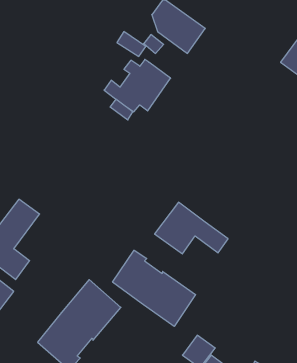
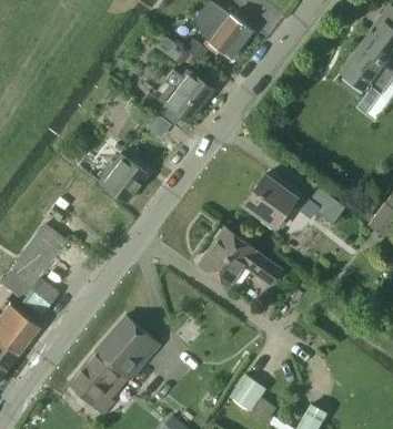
building: none -> [99,154,148,203]
building: none -> [240,172,299,229]
building: none -> [305,187,344,224]
building: [113,250,196,326] -> none

